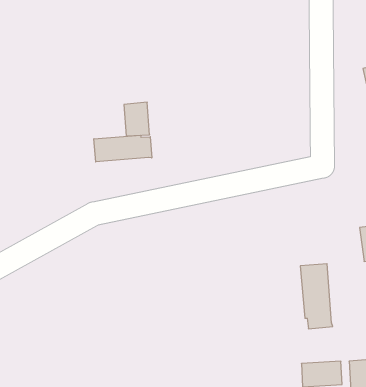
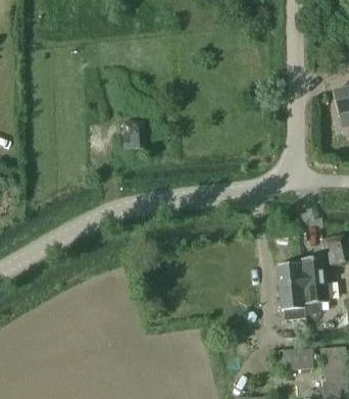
building: [94,135,152,162] -> none
building: none -> [301,256,329,314]

